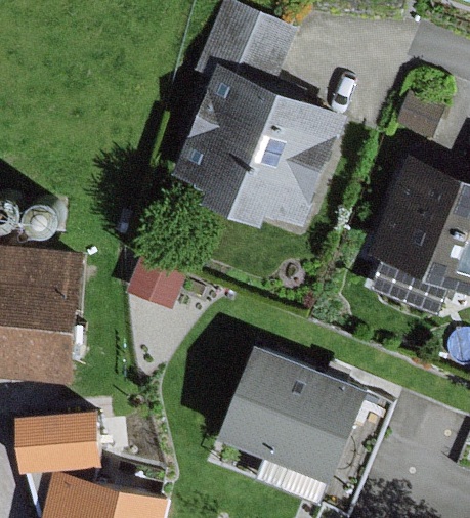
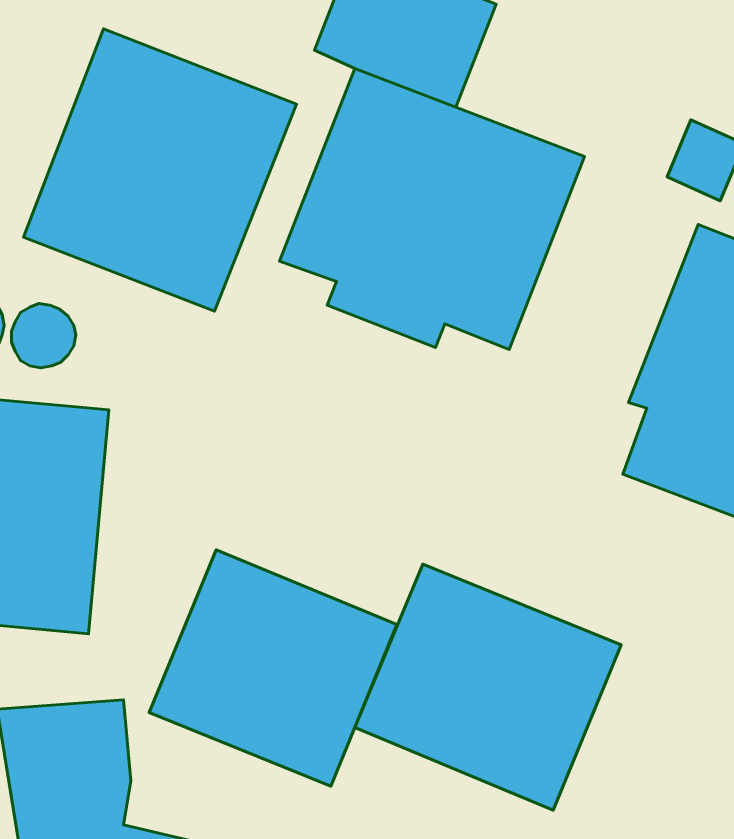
building: none -> [23,29,296,311]
building: none -> [149,550,397,786]

